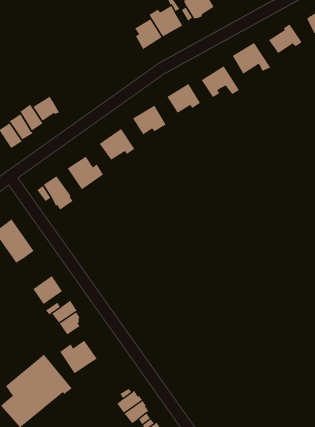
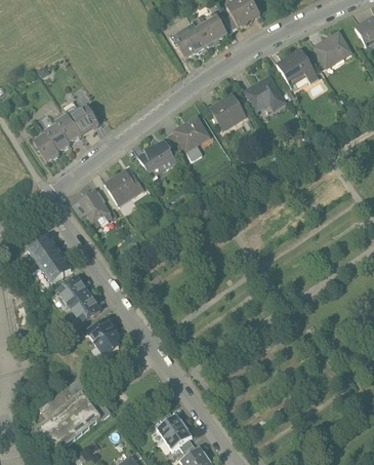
building: none -> [57,279,89,309]
building: [60,340,97,374] -> none

